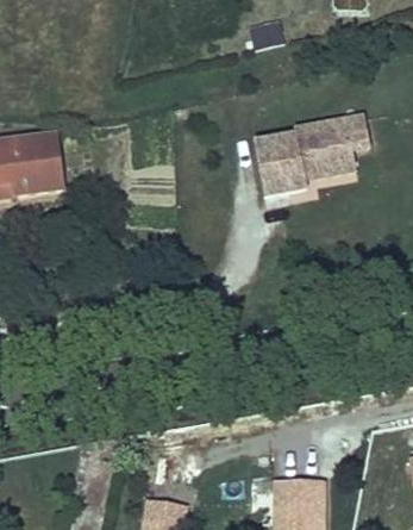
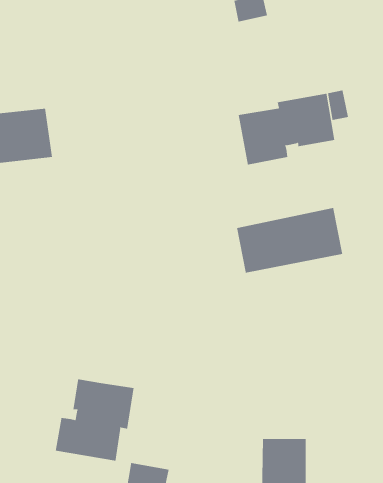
building: none -> [236,207,343,274]
building: none -> [55,379,134,461]

